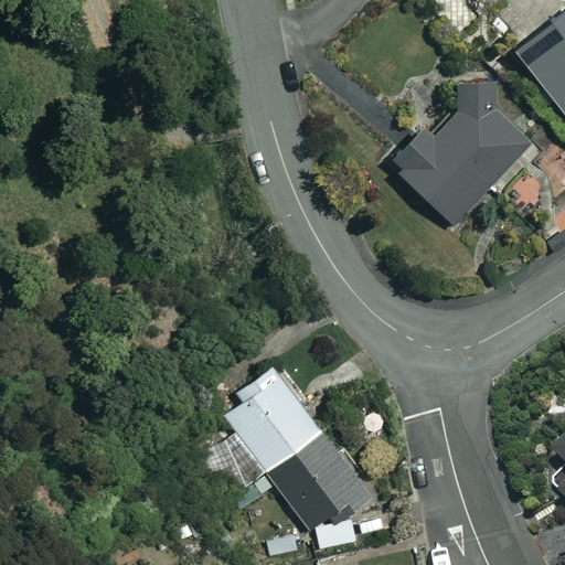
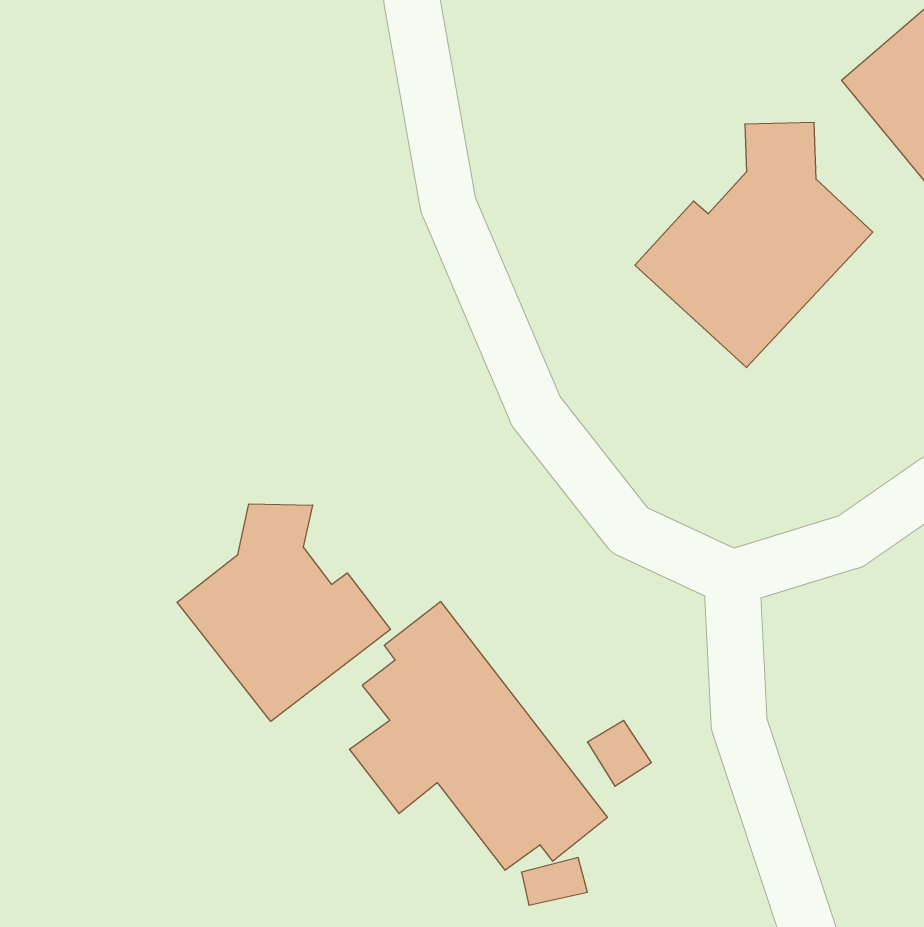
building: none -> [177,504,390,721]

